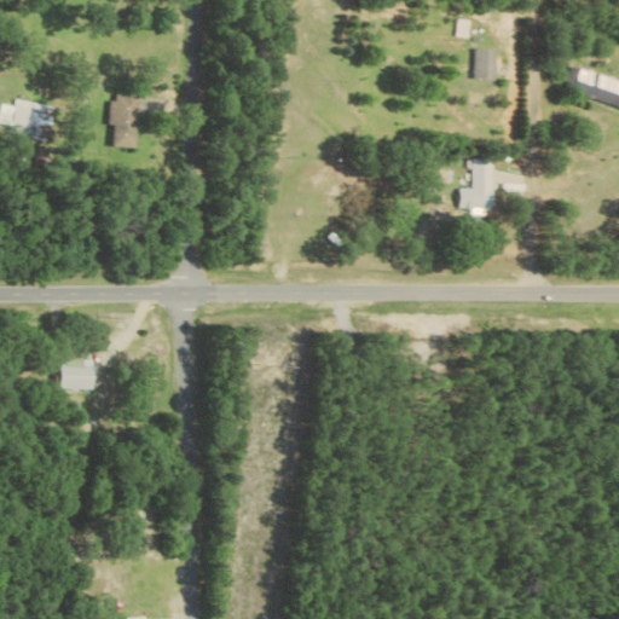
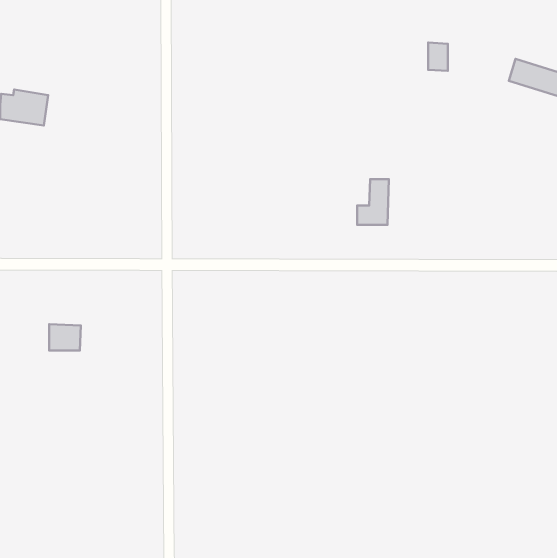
building: [111,94,140,147] -> none
building: [461,158,496,209] -> [357,179,389,225]

